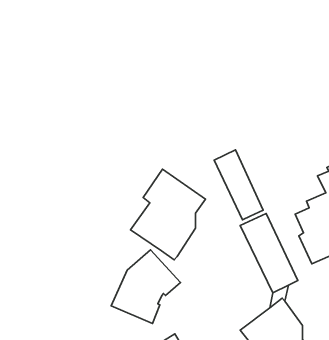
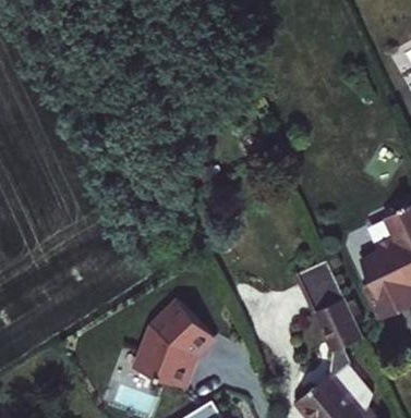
building: [214,150,263,220] -> none
building: [130,169,205,260] -> none

